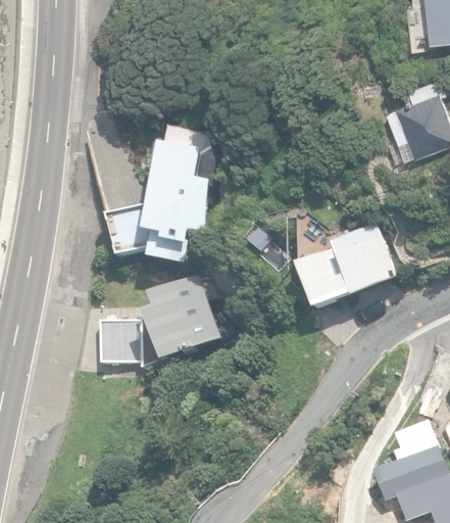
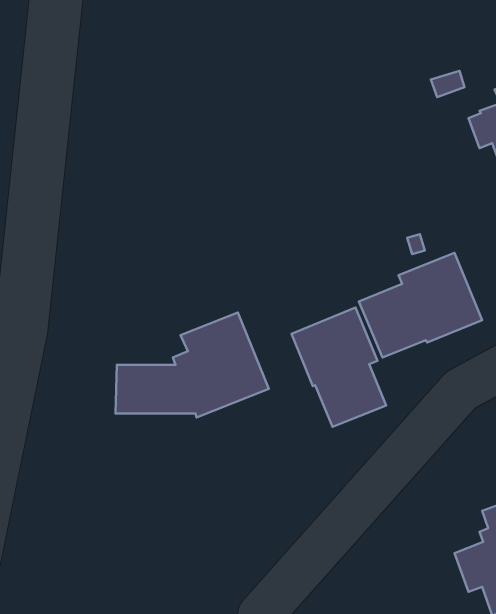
building: [106,141,207,259] -> none
building: none -> [291,308,386,427]

